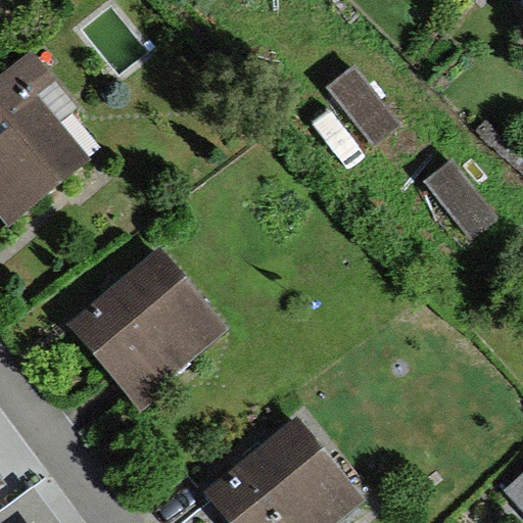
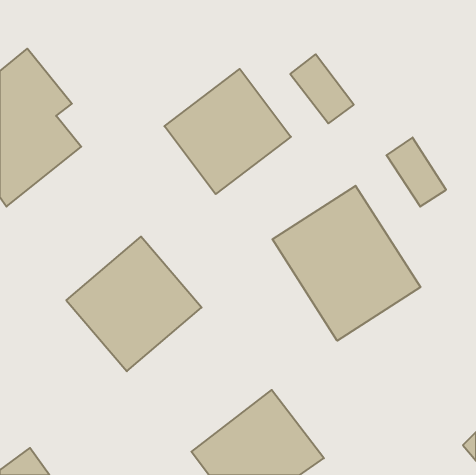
building: none -> [164,69,291,194]
building: none -> [272,186,420,341]

